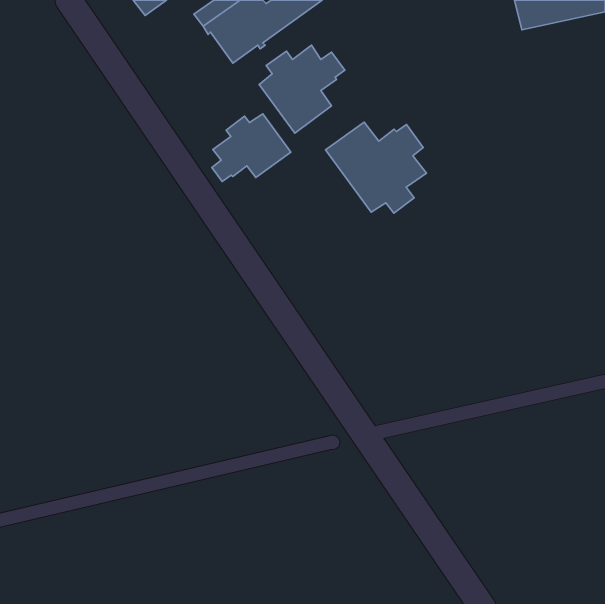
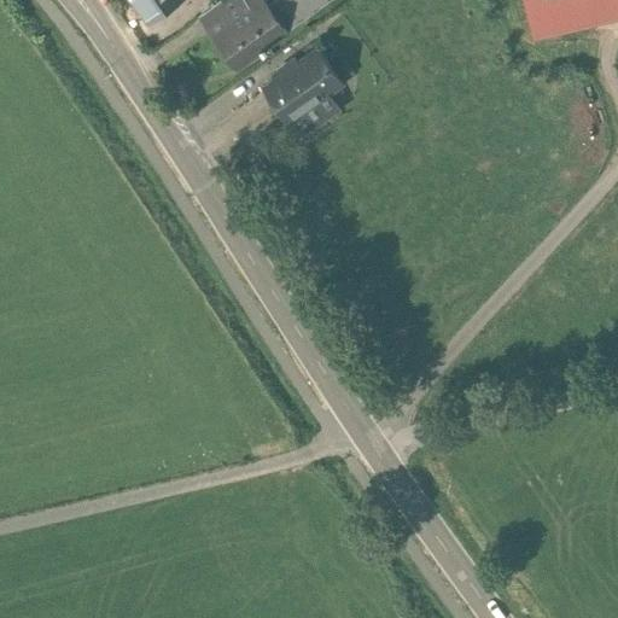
building: [212,114,291,182] -> none
building: [326,122,426,213] -> none

